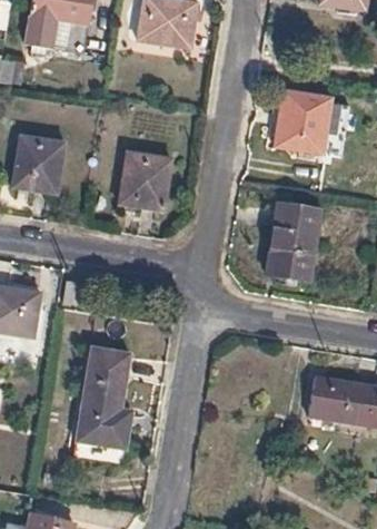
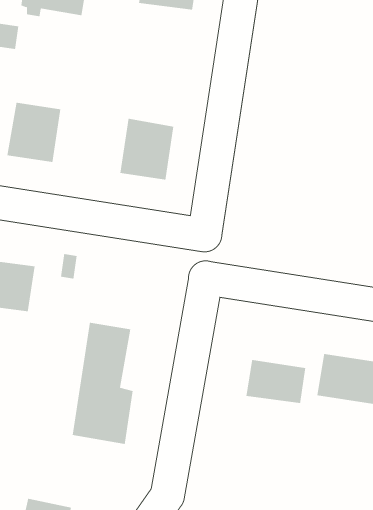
building: [275,89,331,153] -> none
building: [266,203,320,280] -> none
building: none -> [246,359,306,404]

